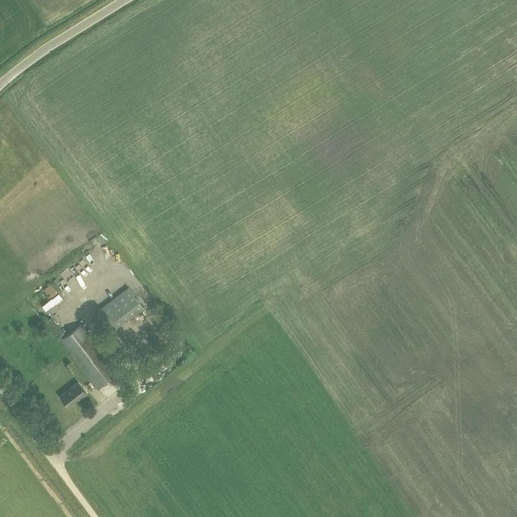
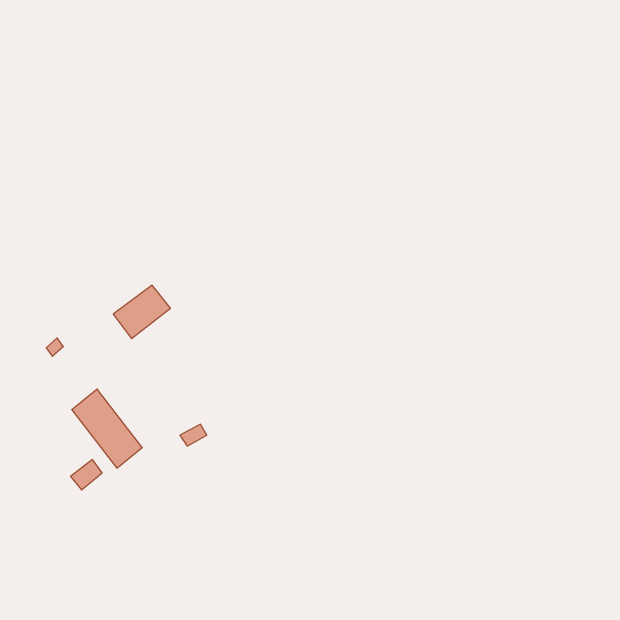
building: [95,288,142,332] -> [113,285,170,339]

